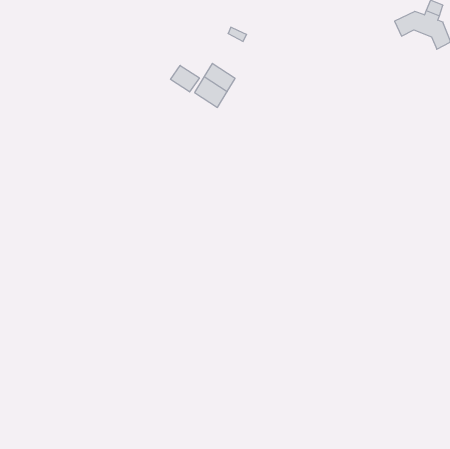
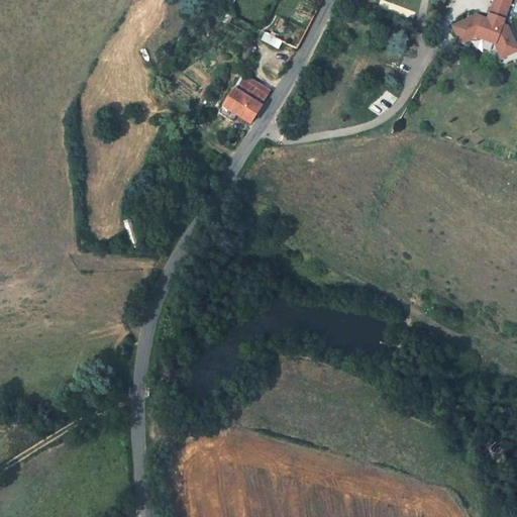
building: [171,65,199,92] -> none

